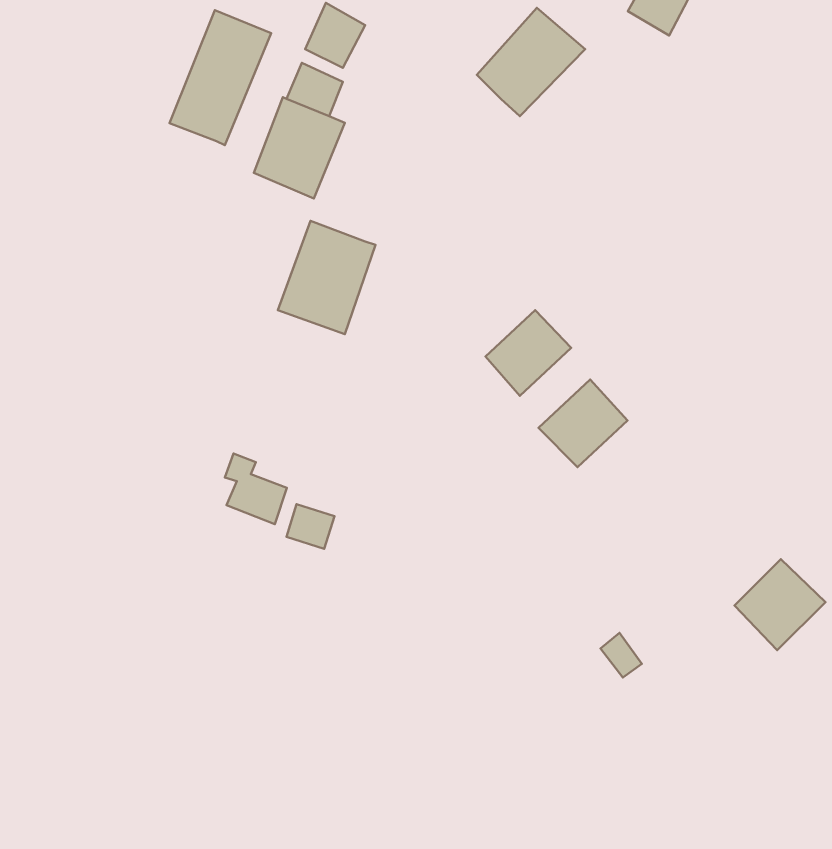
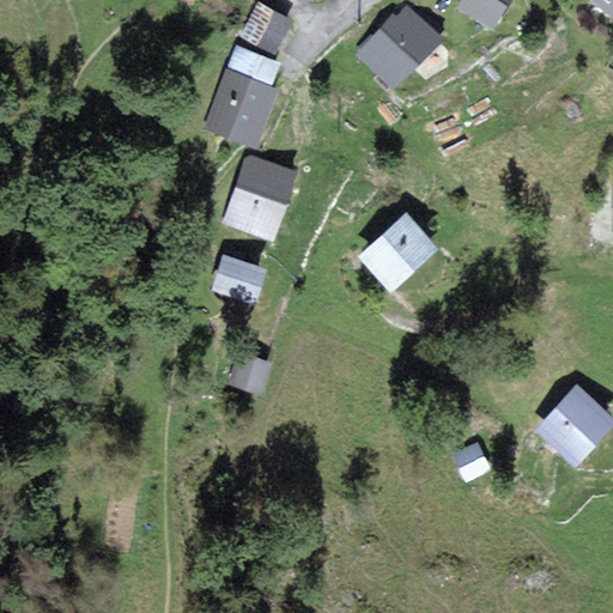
building: [169,10,271,145] -> none
building: [538,380,627,467] -> none
building: [225,454,287,524] -> [217,247,260,296]

